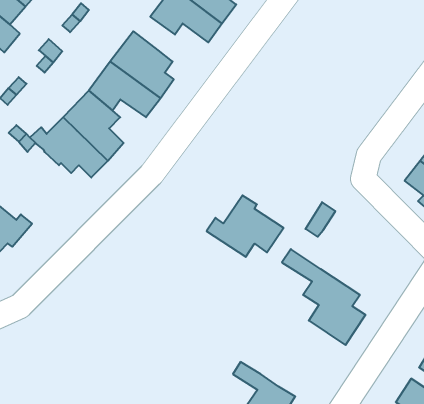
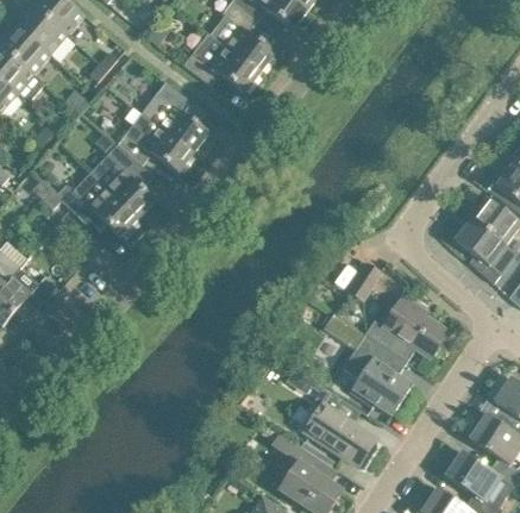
building: [207,195,284,257] -> [365,296,447,362]
building: none -> [303,387,376,467]

